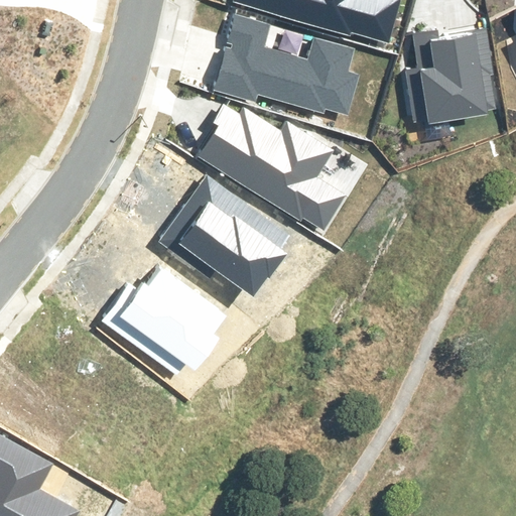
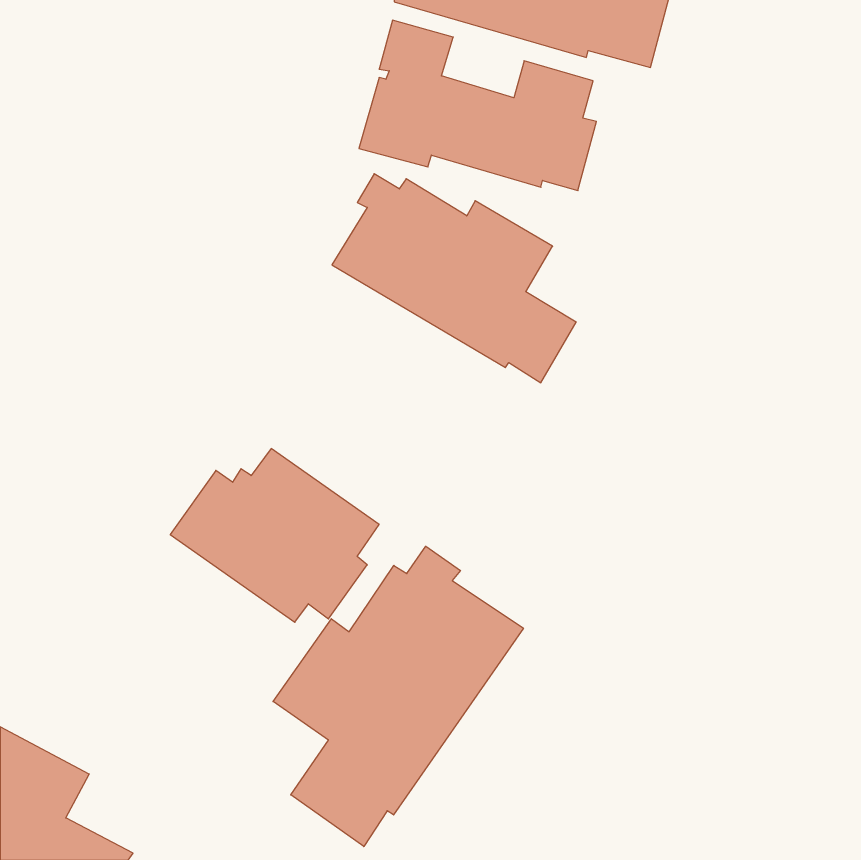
building: [404,27,501,123] -> none
building: [158,176,289,294] -> none
building: none -> [273,546,523,847]

